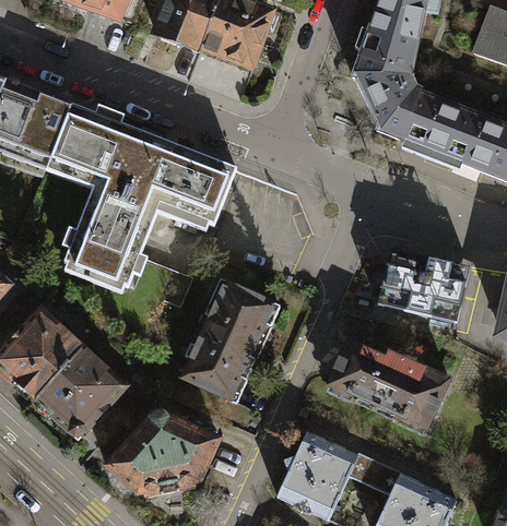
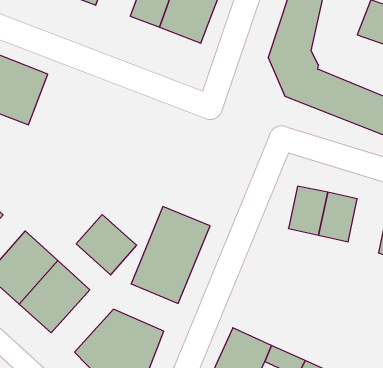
building: [43,105,234,294] -> none
building: none -> [76,215,137,275]
building: [332,331,451,423] -> none

